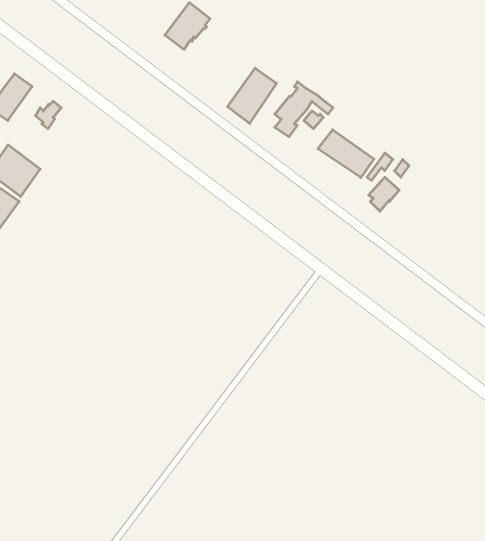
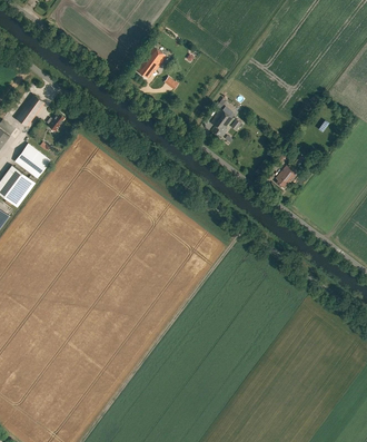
building: [228,68,277,124] -> none
building: [318,130,374,178] -> none

